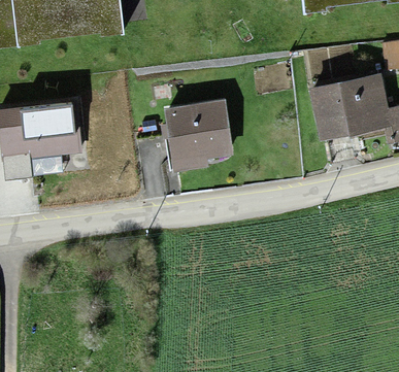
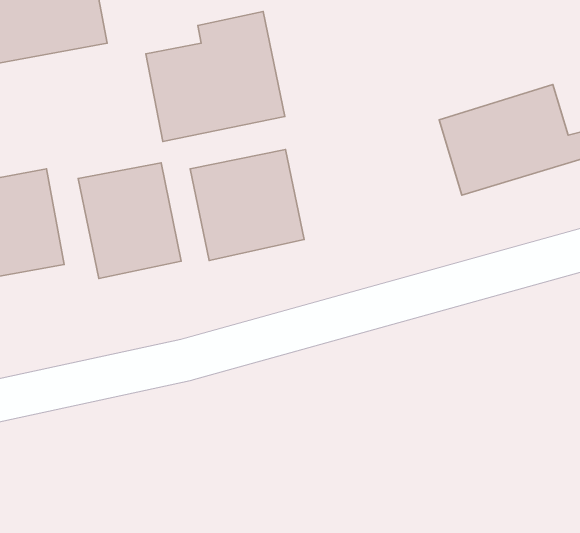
building: none -> [146,11,285,142]
building: none -> [78,163,181,279]

